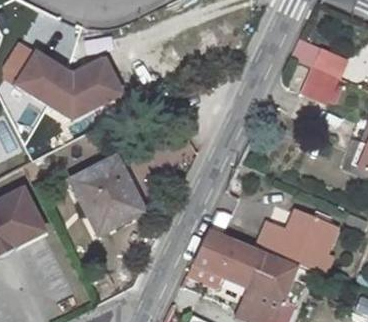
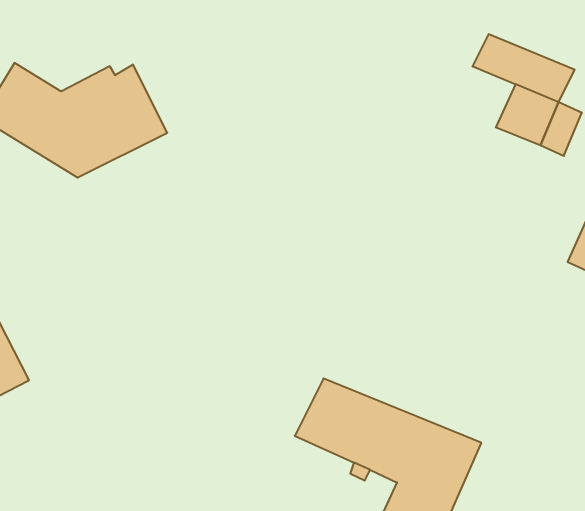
building: [71,156,142,233] -> none
building: [257,211,332,275] -> none

